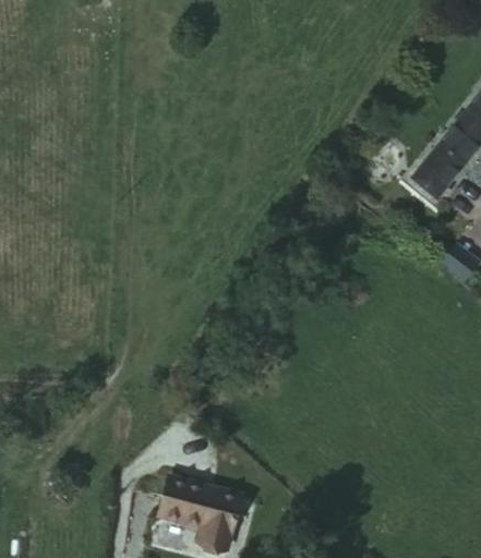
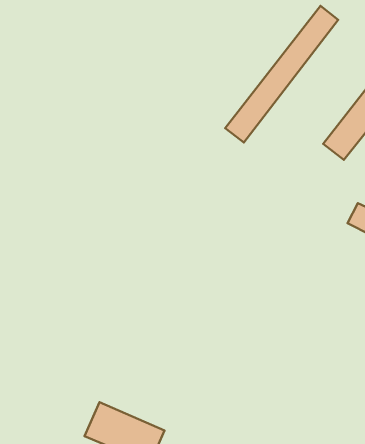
building: none -> [225,6,338,143]

